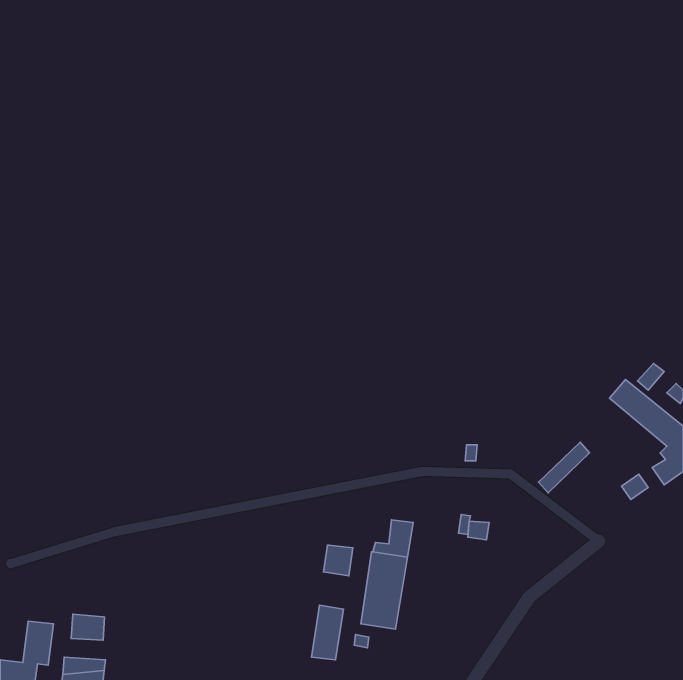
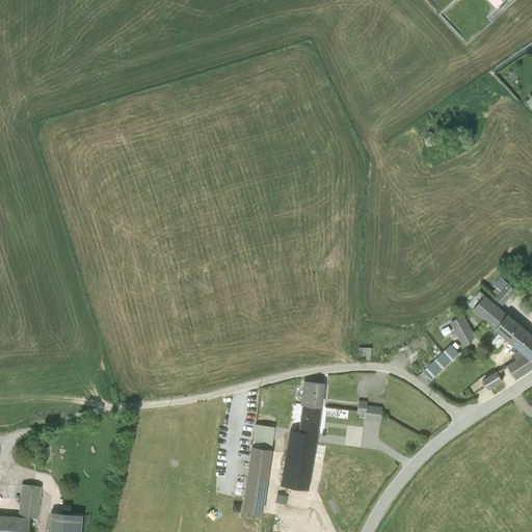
building: none -> [450,315,476,345]
building: none -> [300,381,324,408]
building: none -> [247,447,271,476]
building: [71,614,105,640] -> none

